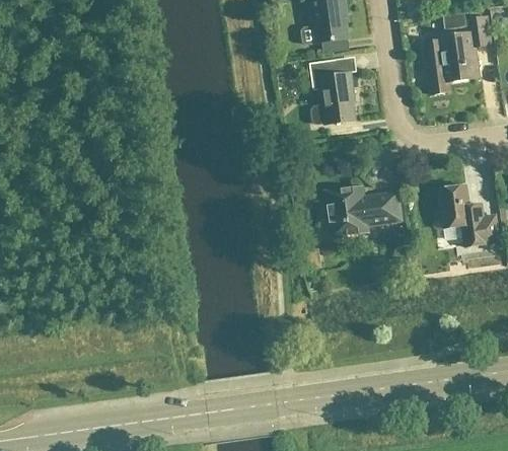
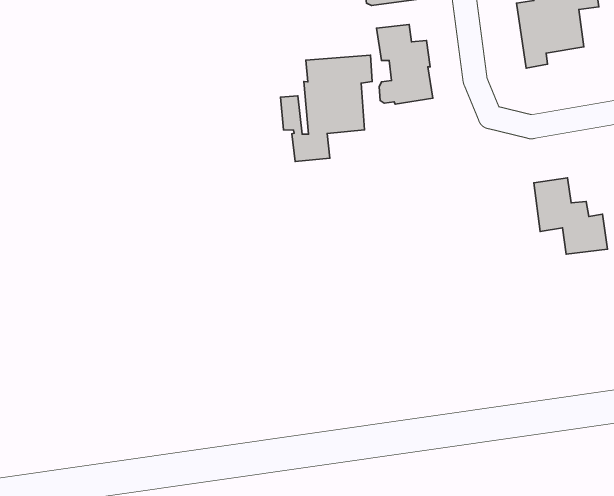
building: none -> [281,55,372,162]
building: [326,186,403,234] -> none

